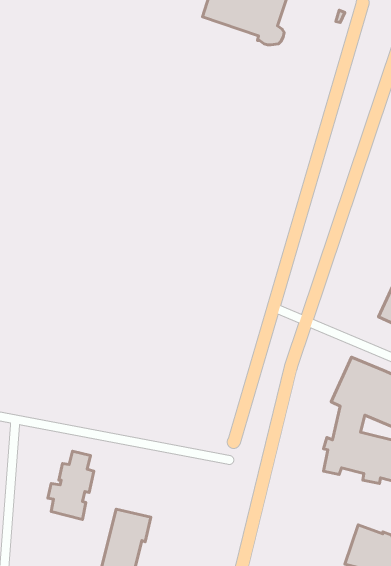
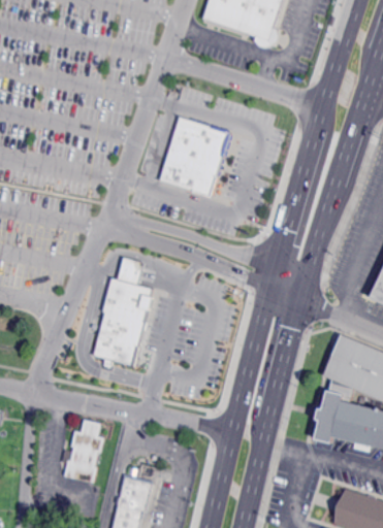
building: none -> [161,117,230,195]
building: none -> [92,256,152,365]

